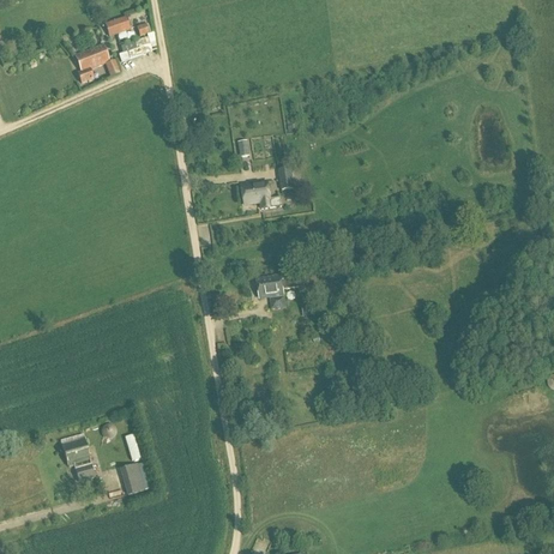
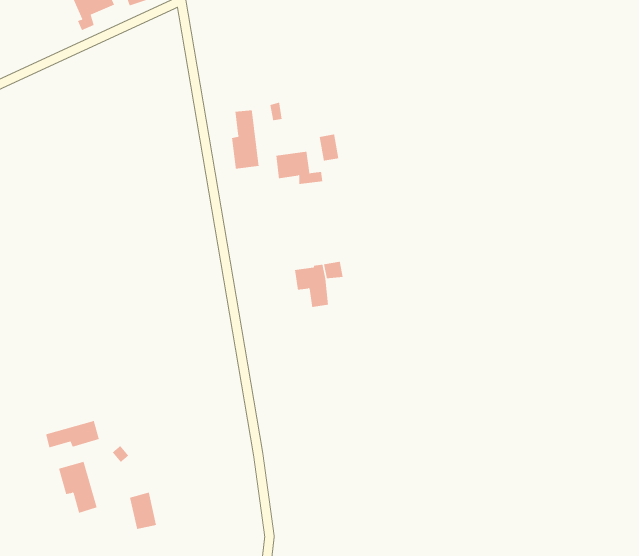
building: none -> [231,110,259,170]
building: none -> [46,420,100,448]

